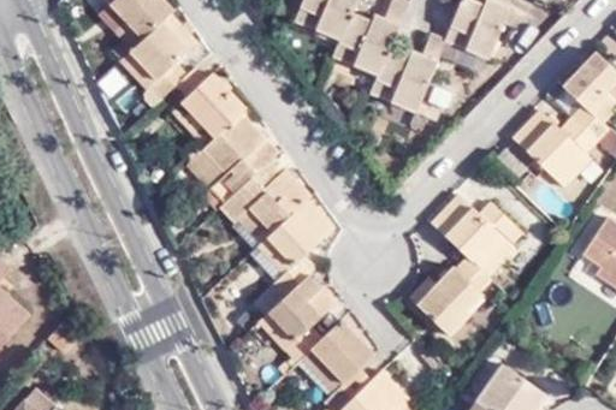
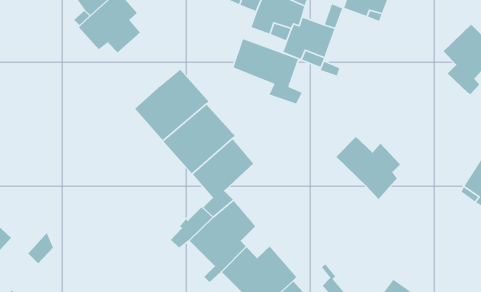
building: [159,65,244,130] -> none
building: none -> [233,38,303,105]
building: [514,112,596,188] -> none
building: [416,254,494,332] -> none

